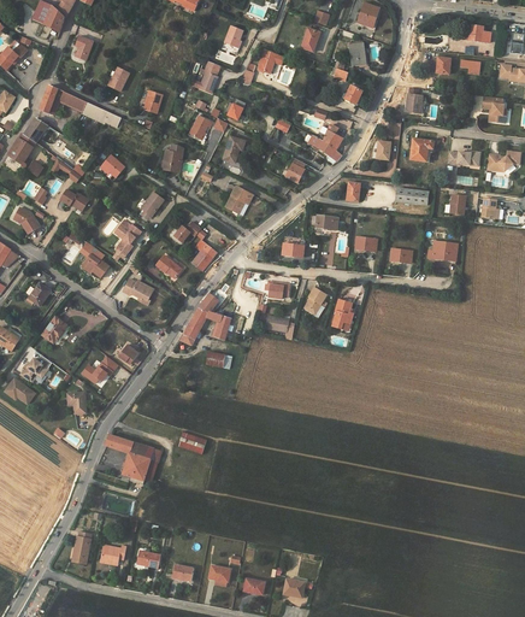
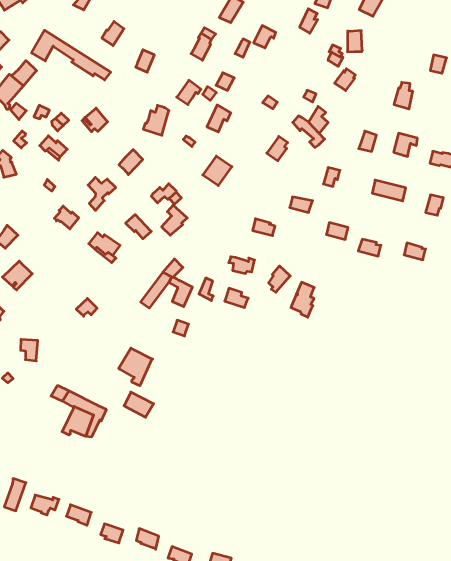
building: [79,354,118,383] -> none
building: none -> [119,348,153,386]

